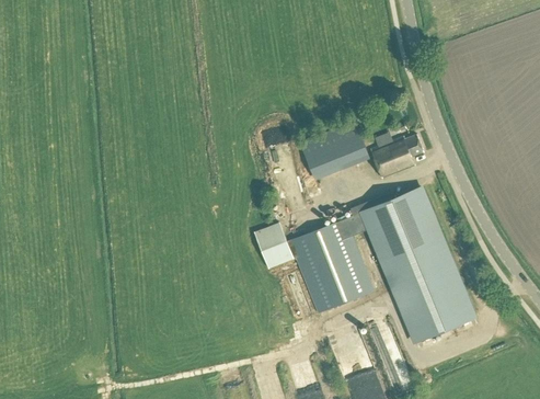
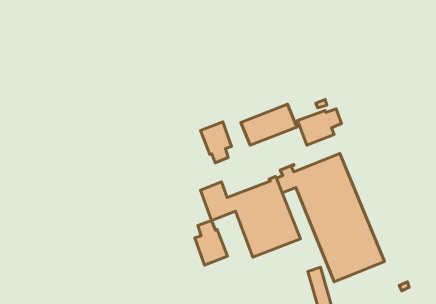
building: none -> [201,122,231,163]
building: none -> [195,220,228,265]

